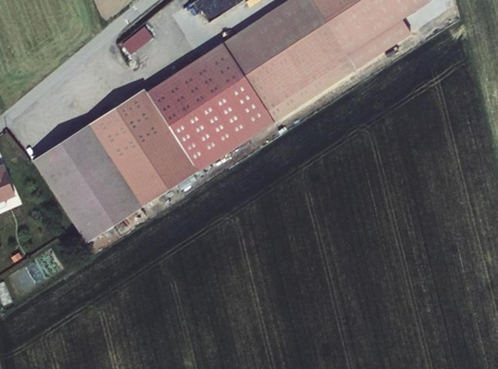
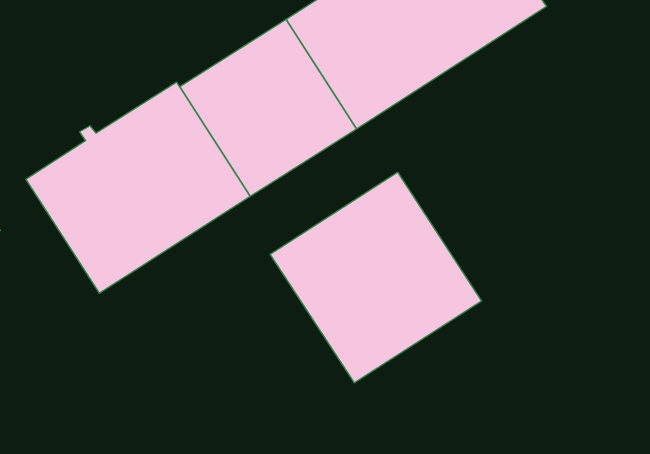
building: none -> [270,172,482,383]

